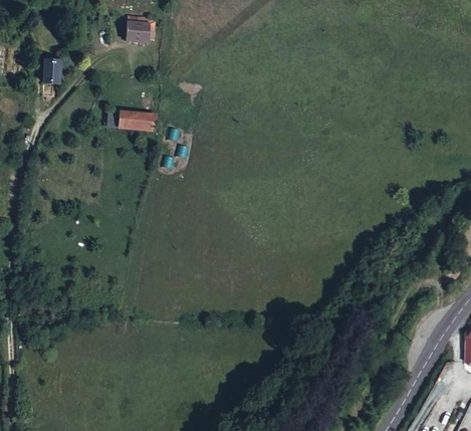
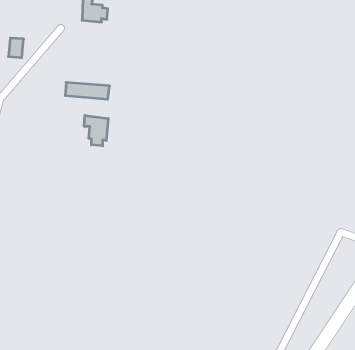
building: none -> [84,115,108,146]

